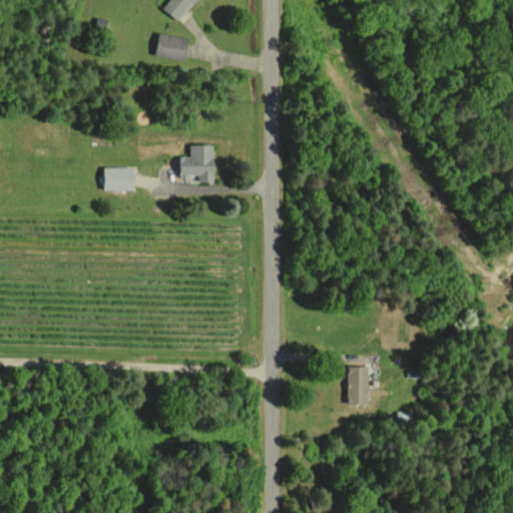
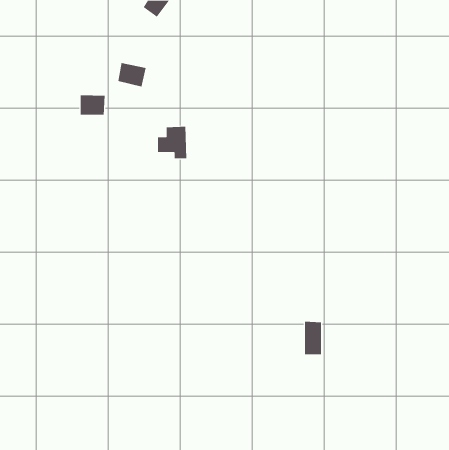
building: [156,33,189,61] -> [117,63,147,87]
building: [105,167,134,190] -> [80,95,105,115]

